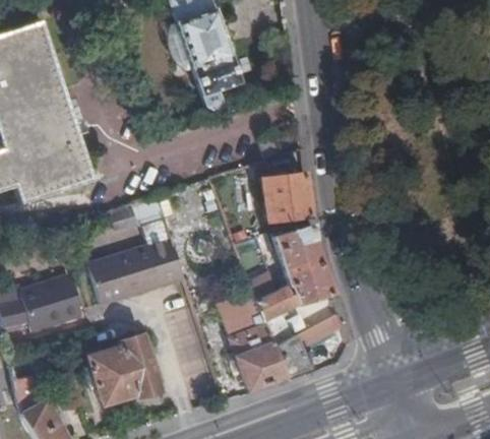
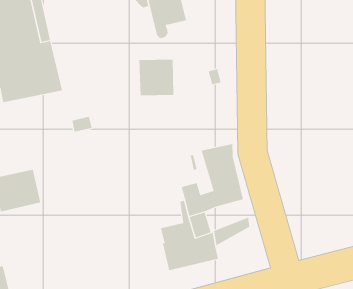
building: [260,171,308,220] -> [138,59,174,96]
building: [88,222,184,309] -> none
building: [220,292,257,336] -> none
building: [86,334,160,403] -> none

